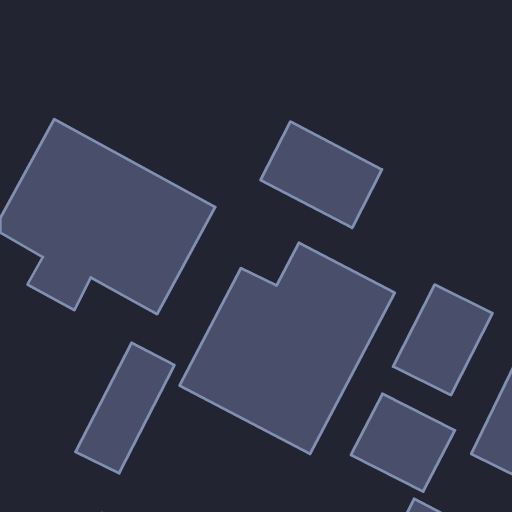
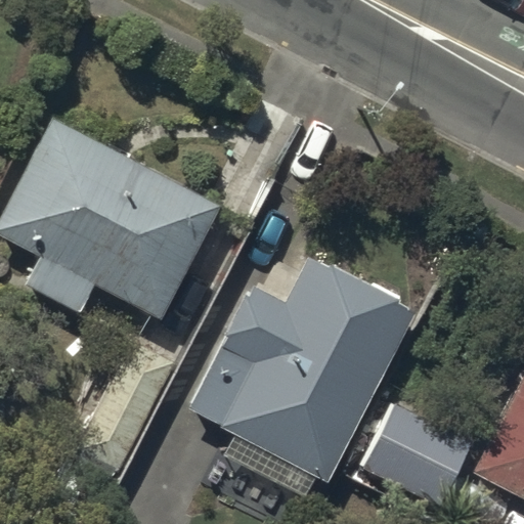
building: [261,122,382,228] -> none
building: [393,285,492,395] -> none

